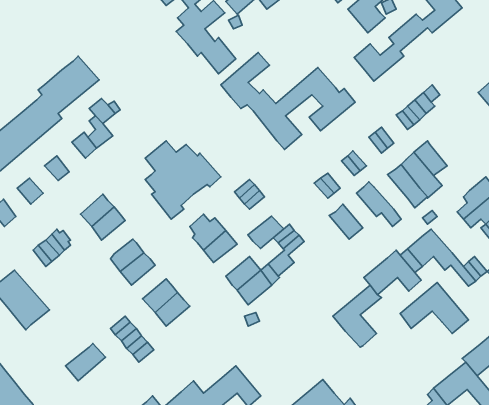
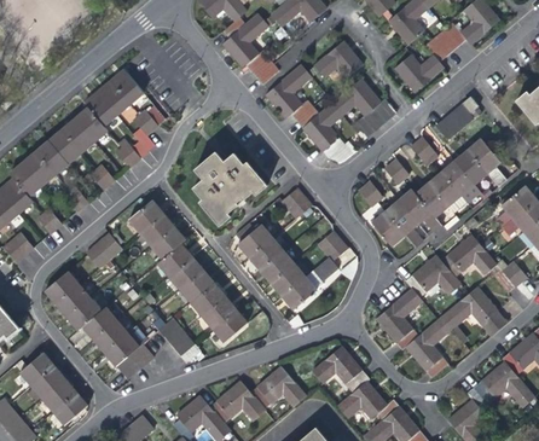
building: none -> [315,40,364,79]
building: none -> [466,138,505,186]
building: none -> [415,181,447,215]
building: none -> [384,199,422,246]
building: [248,216,284,249] -> [259,249,294,280]
building: none -> [150,226,185,259]
building: none -> [179,269,213,302]
building: none -> [81,309,138,367]
building: none -> [213,309,247,342]
building: none -> [404,317,451,379]
building: none -> [312,349,367,393]

